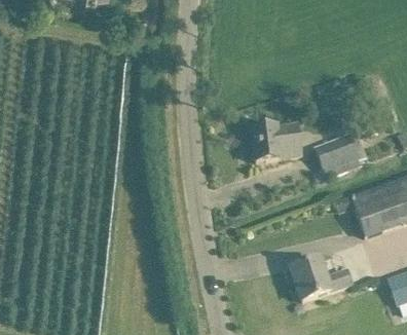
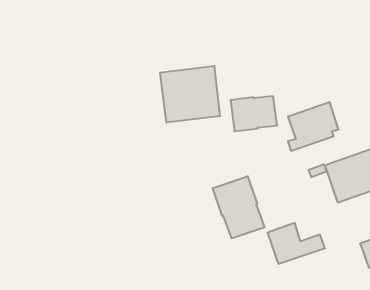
building: none -> [160,66,220,123]
building: none -> [213,176,265,238]

